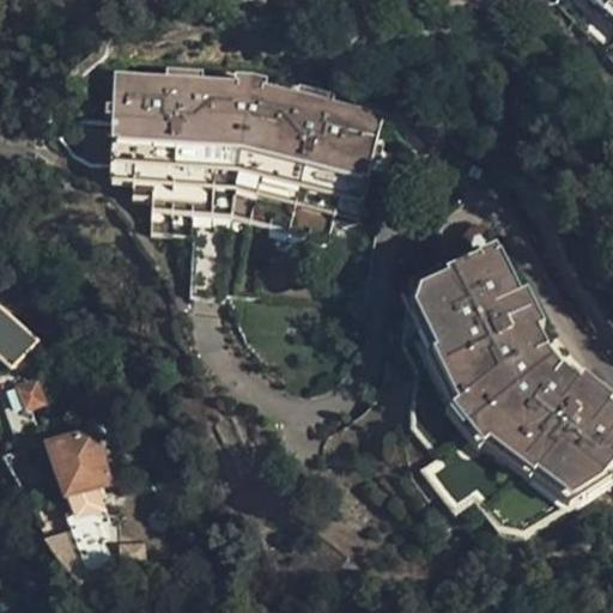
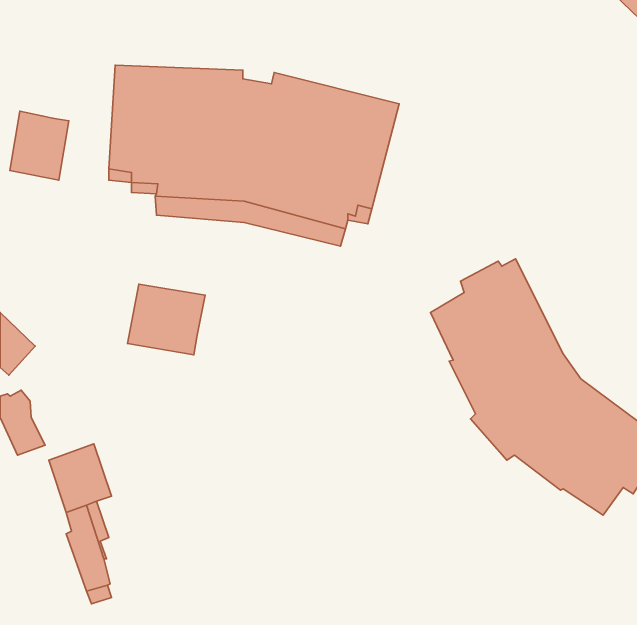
building: none -> [10,111,69,180]
building: none -> [127,284,205,355]

